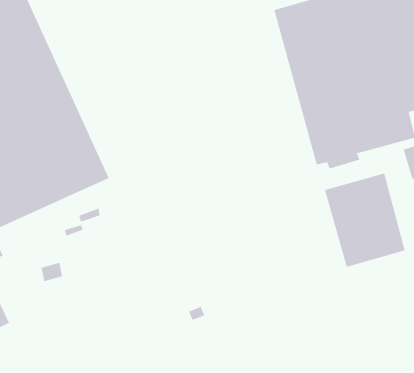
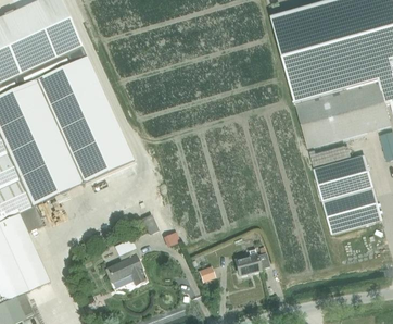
building: none -> [106,247,147,284]
building: none -> [234,248,269,274]

